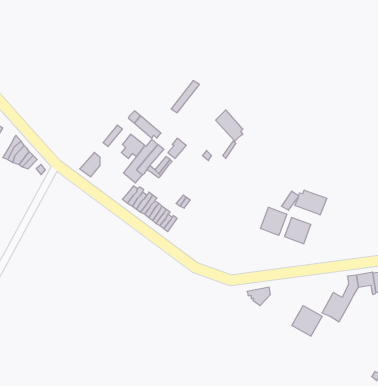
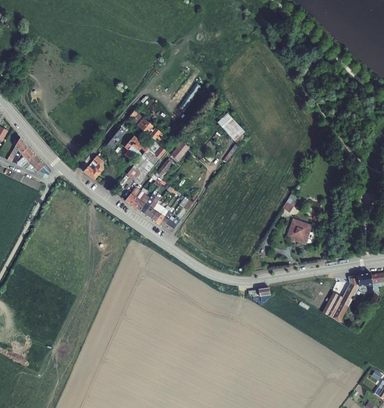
building: [295,190,327,215] -> none
building: [261,207,287,235] -> none
building: [292,306,322,336] -> none

